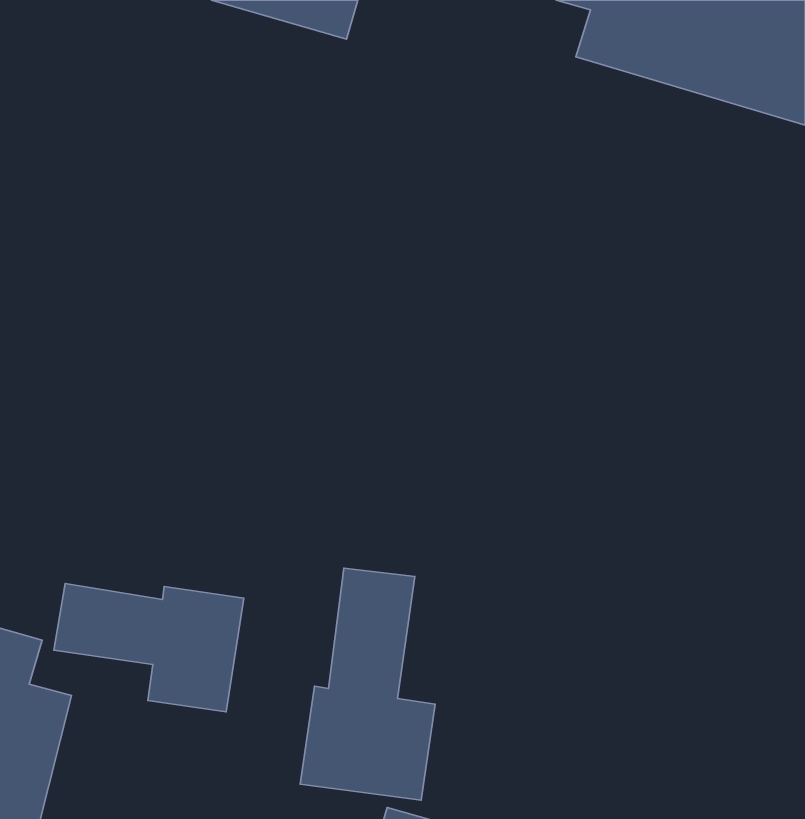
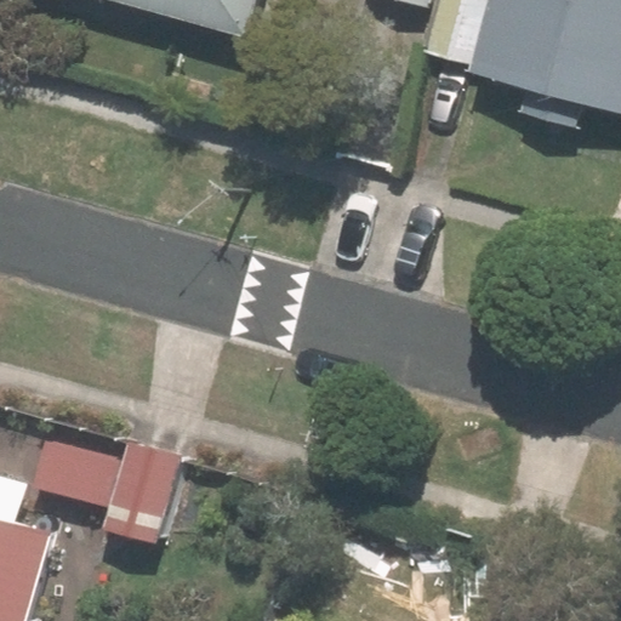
building: [300,568,435,800] -> none

